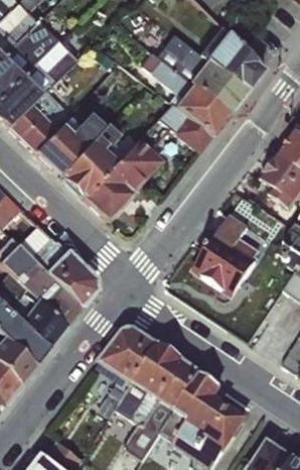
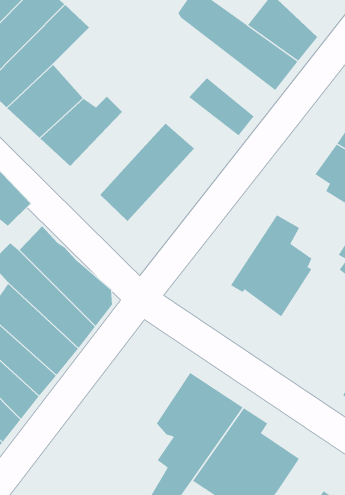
building: [142,50,230,132] -> none
building: [60,122,120,197] -> none
building: [101,328,159,415] -> none

